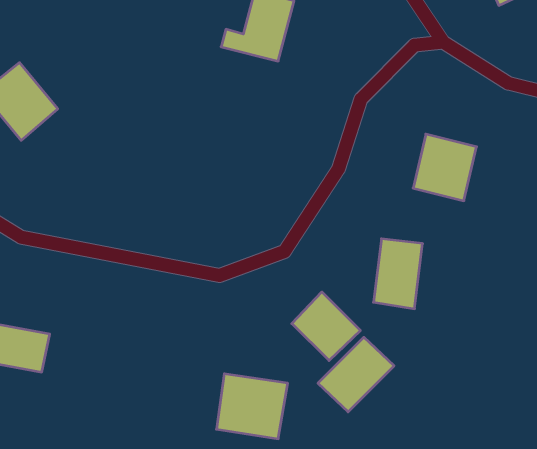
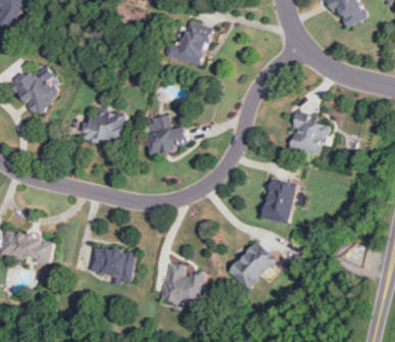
building: none -> [84,112,126,142]
building: none -> [144,114,187,152]
building: [292,292,360,361] -> none
building: none -> [89,245,136,284]

